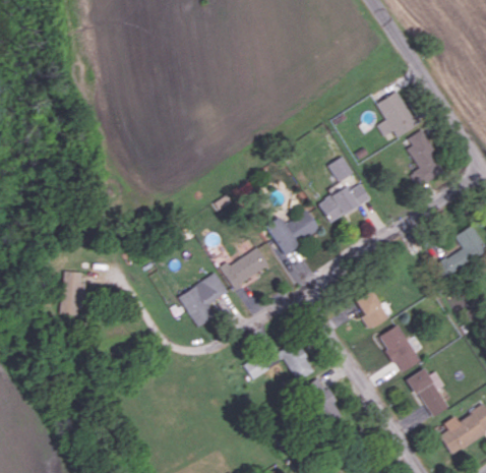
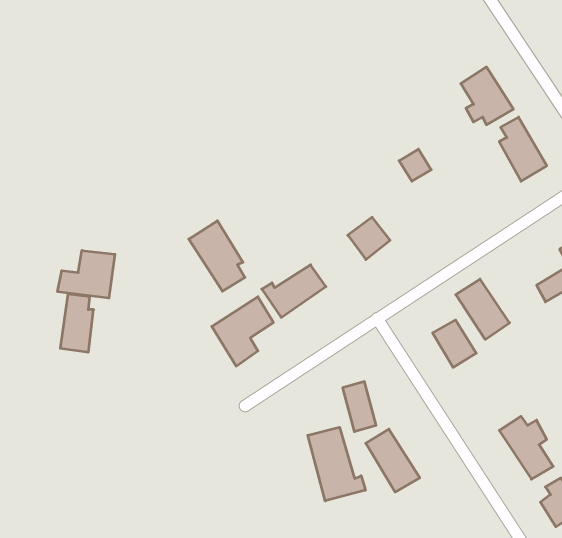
building: [318,183,369,224] -> none
building: none -> [189,221,245,291]
building: [265,217,298,255] -> none
building: none -> [58,250,115,298]
building: [377,324,420,372] -> [456,279,510,339]
building: none -> [308,427,365,501]

